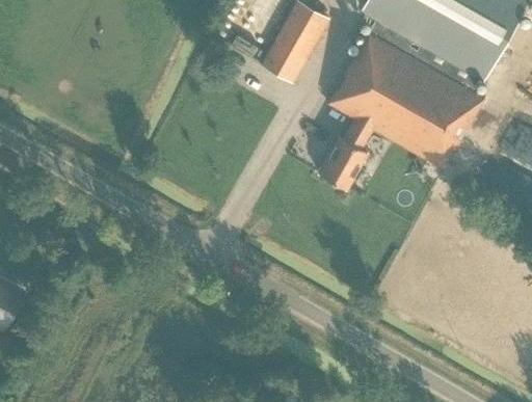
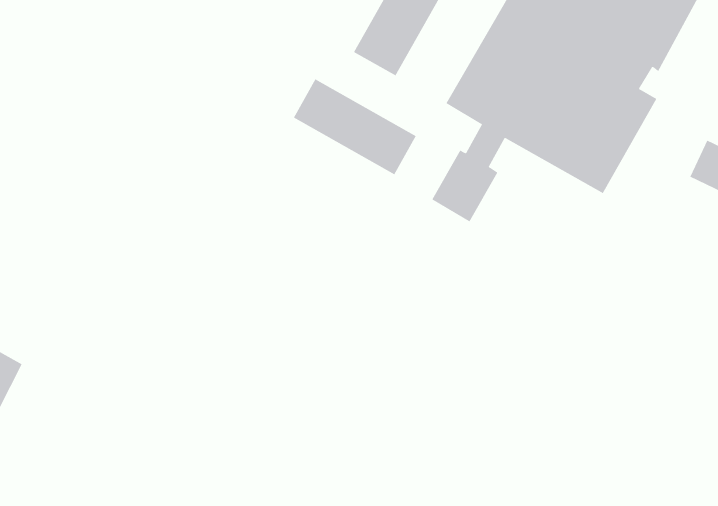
building: none -> [293,79,417,175]

